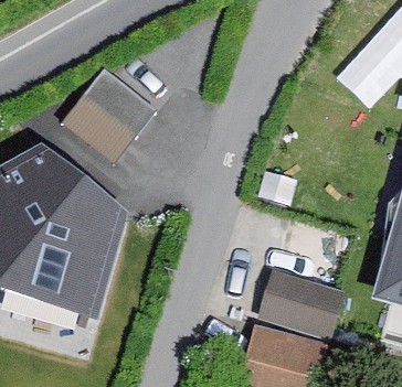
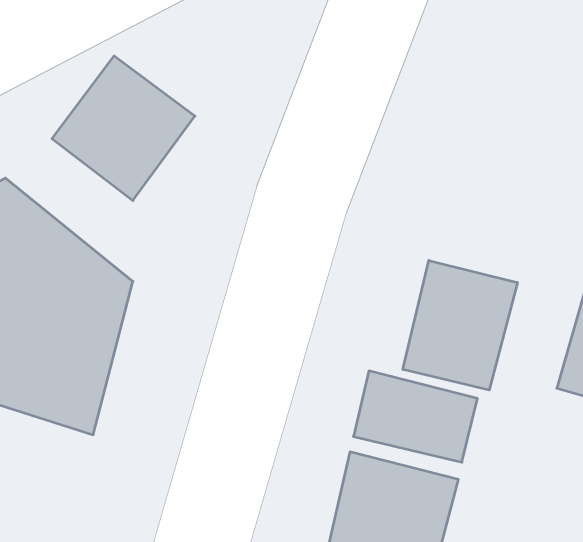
building: none -> [403,260,517,390]

